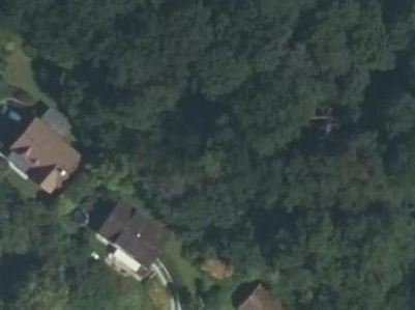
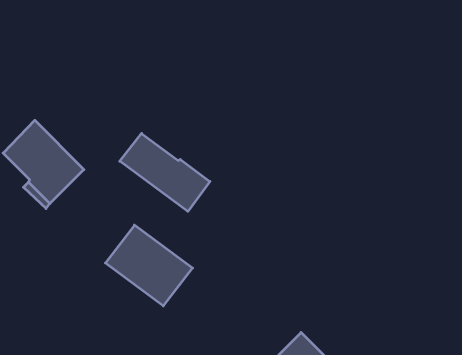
building: none -> [120,133,210,211]

